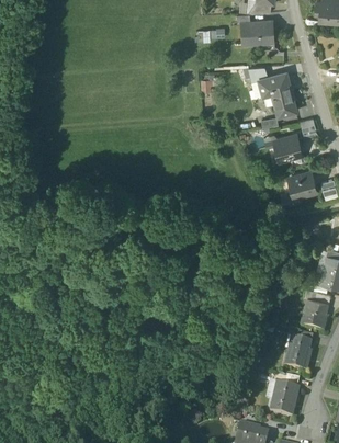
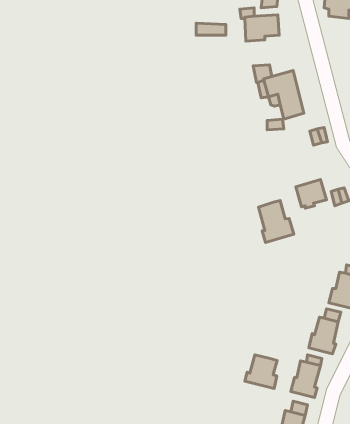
building: [273,133,301,158] -> none
building: none -> [258,201,294,242]
building: none -> [245,355,277,388]

